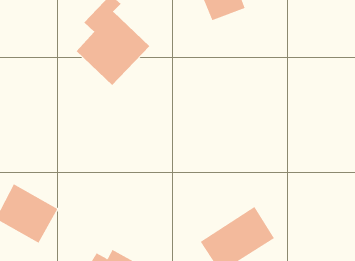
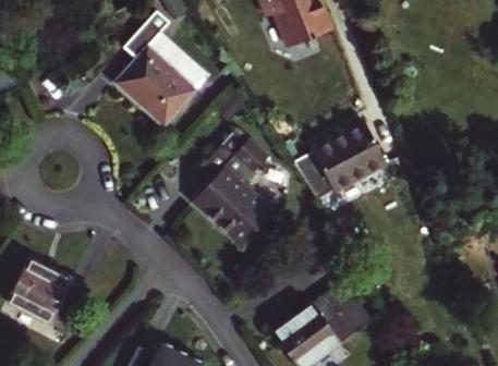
building: none -> [295,121,389,200]
building: none -> [190,132,269,246]

